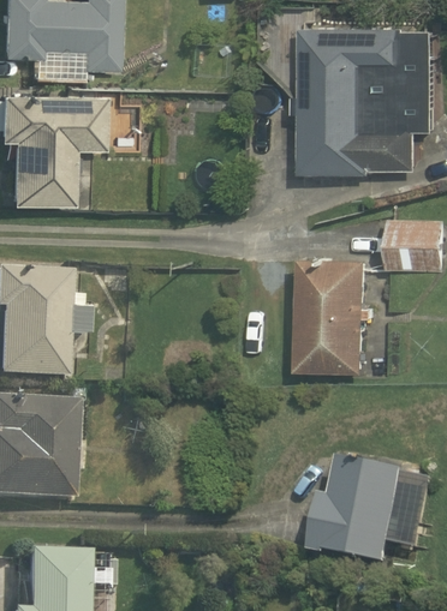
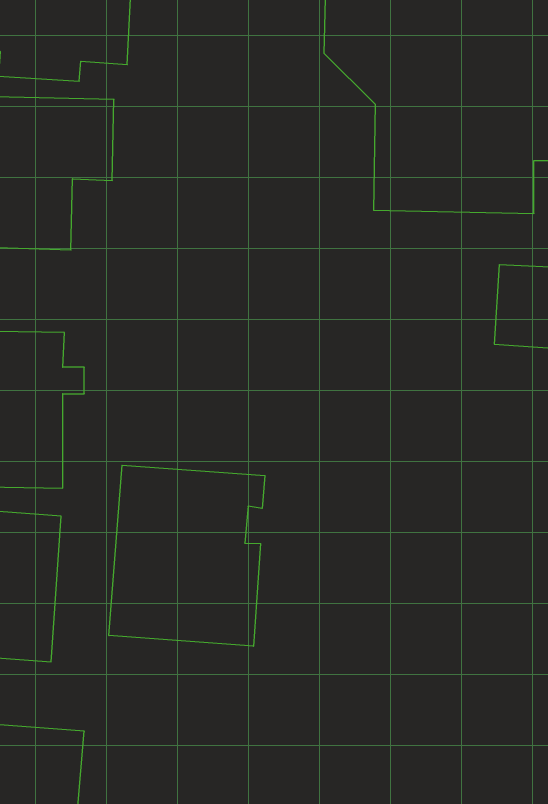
building: [297,256,375,377] -> none
building: none -> [109,465,265,646]
building: [316,450,409,564] -> none

